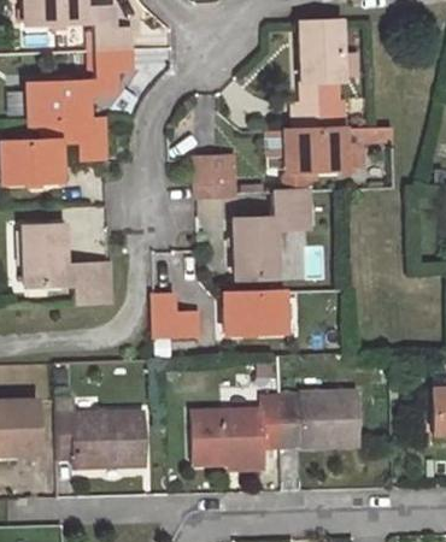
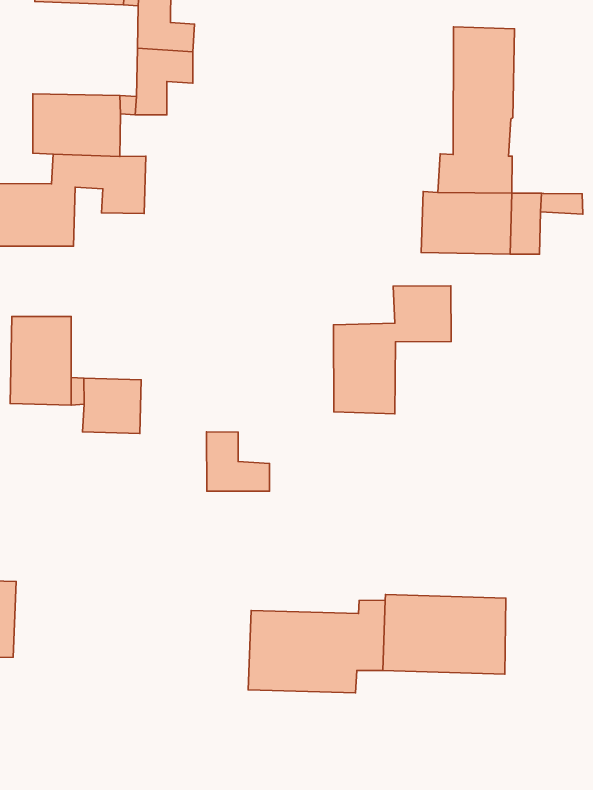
building: [194,160,234,199] -> none
building: [225,294,284,334] -> none
building: [55,401,145,466] -> none

